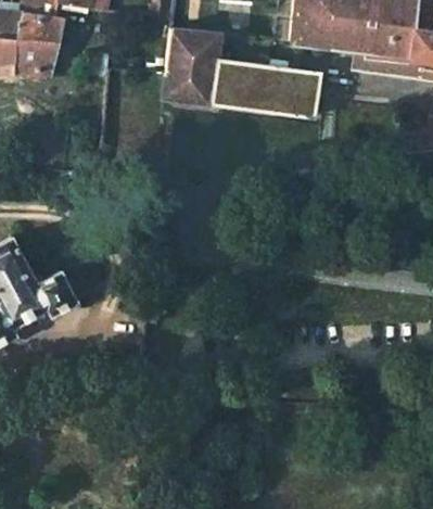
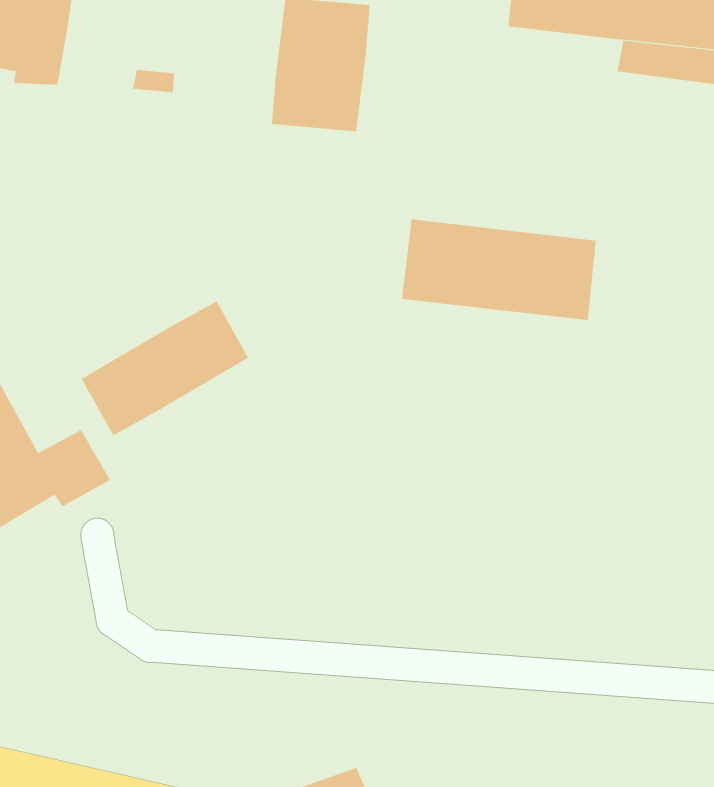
building: [212,60,320,116] -> [401,219,596,321]
building: none -> [81,301,249,436]

